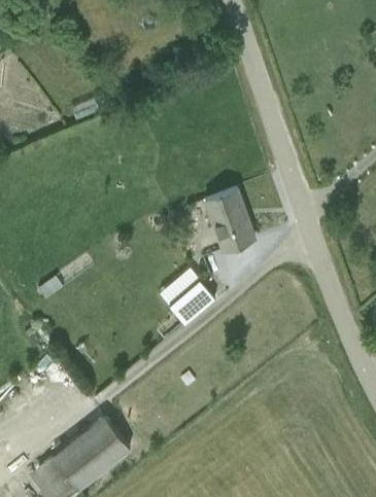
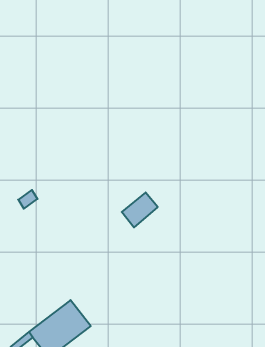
building: [204,189,254,251] -> none

